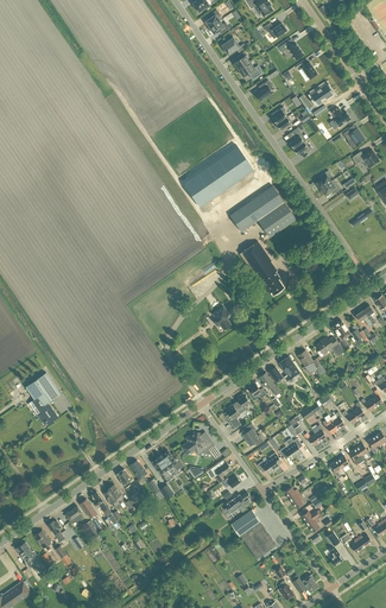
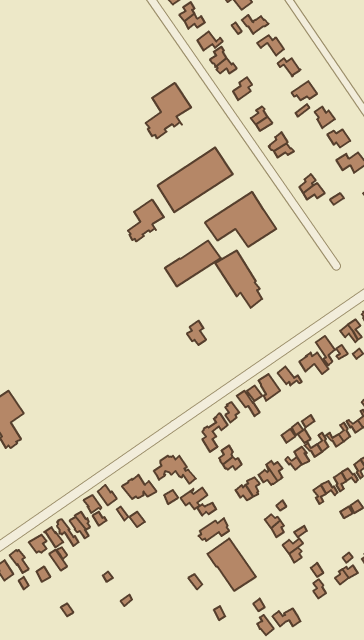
building: none -> [146,83,191,138]
building: none -> [128,200,164,241]
building: none -> [165,241,221,287]

